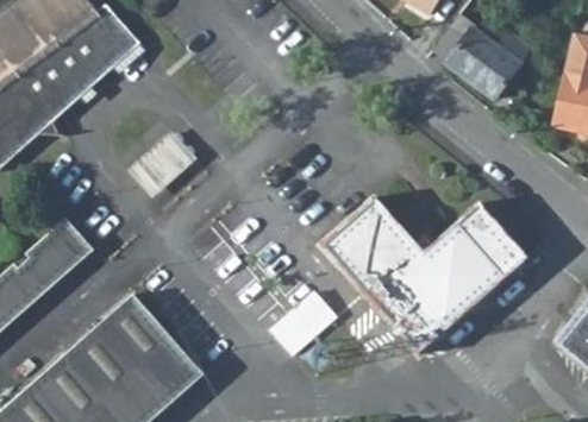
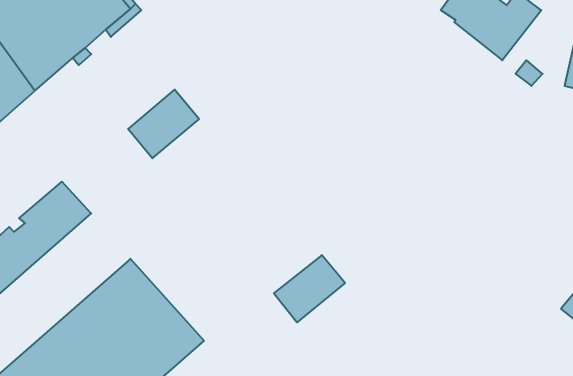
building: [324,199,526,354] -> none

